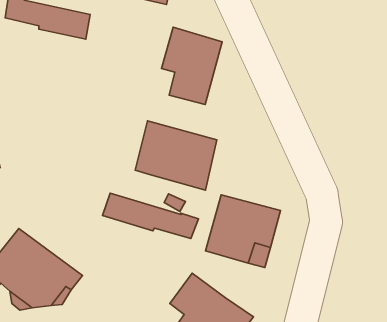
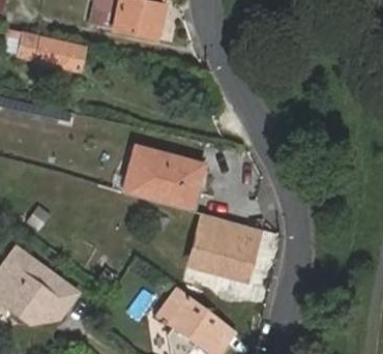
building: [162,27,222,105] -> none
building: [102,193,199,238] -> none

